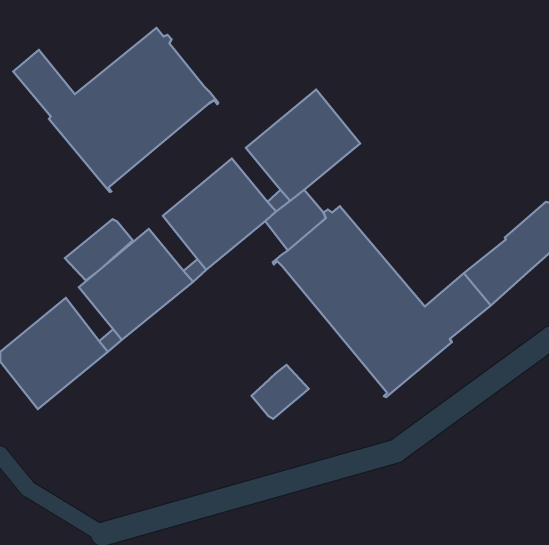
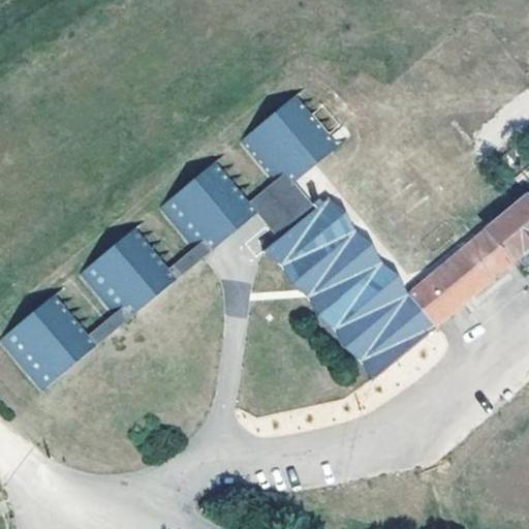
building: [13,28,218,192] -> none
building: [65,219,133,281] -> none
building: [252,365,309,419] -> none

